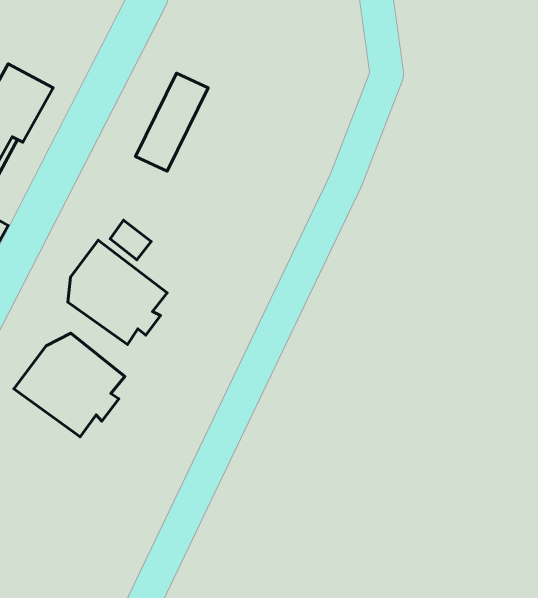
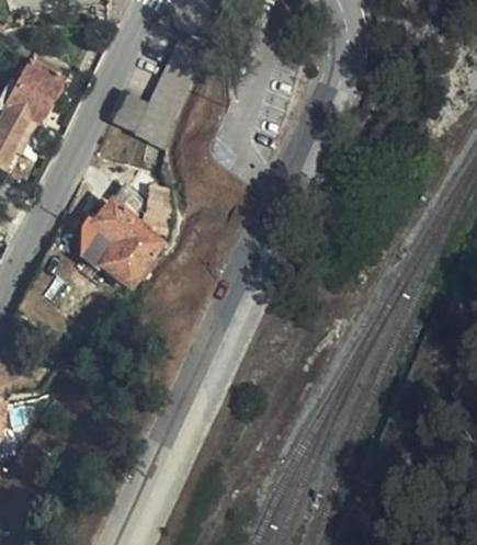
building: [14,333,125,437] -> none

